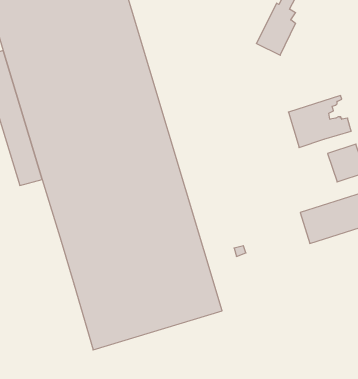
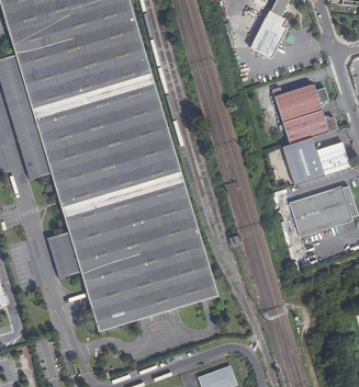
building: none -> [272,84,327,111]
building: none -> [283,136,324,184]
building: none -> [46,230,80,277]

